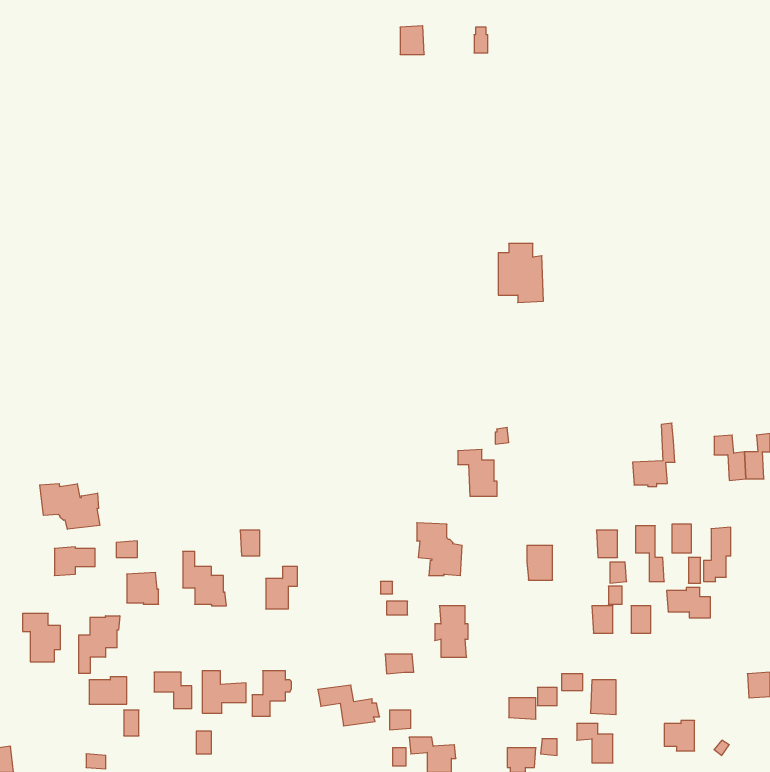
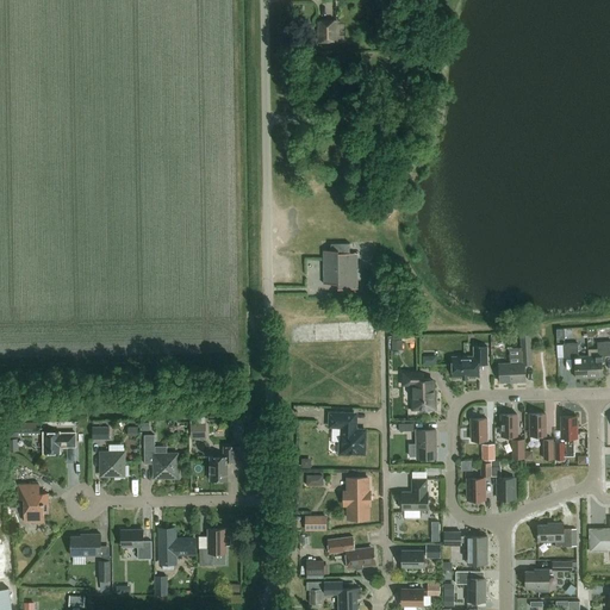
building: [498,244,543,303] -> [322,243,357,290]
building: none -> [453,347,488,376]
building: [458,449,497,496] -> [404,372,435,409]
building: [40,484,100,529] -> none
building: [667,588,710,618] -> [536,523,571,547]
building: none -> [402,479,428,509]
building: [79,616,120,673] -> none
building: [318,685,380,726] -> [326,536,375,568]

